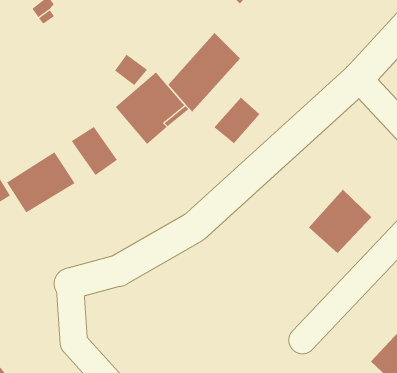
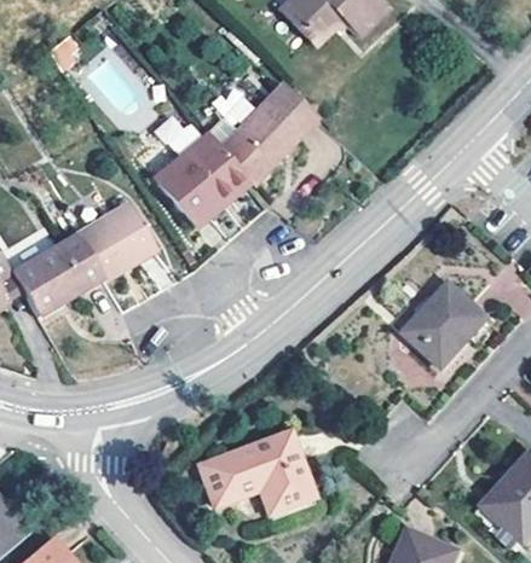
building: [213,97,260,144] -> none
building: none -> [77,221,129,280]
building: none -> [198,431,311,513]

